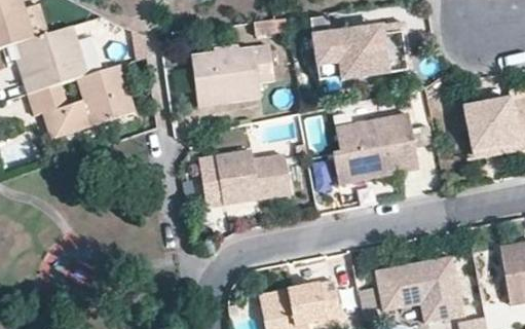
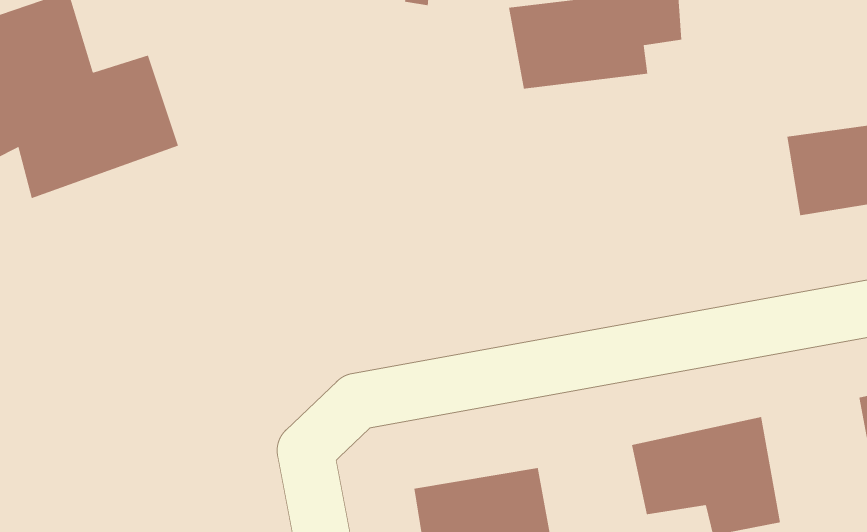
building: [186,44,277,113] -> none
building: [336,114,413,180] -> none
building: [200,149,284,200] -> none

